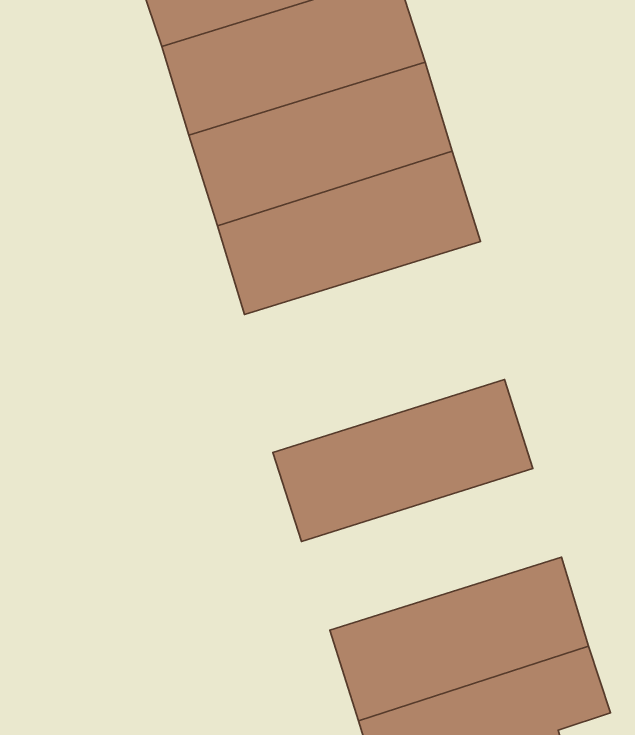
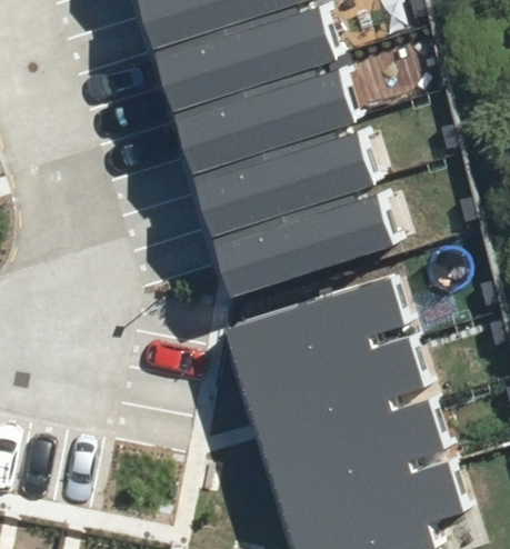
building: none -> [206,180,391,293]
building: none -> [246,339,428,452]

